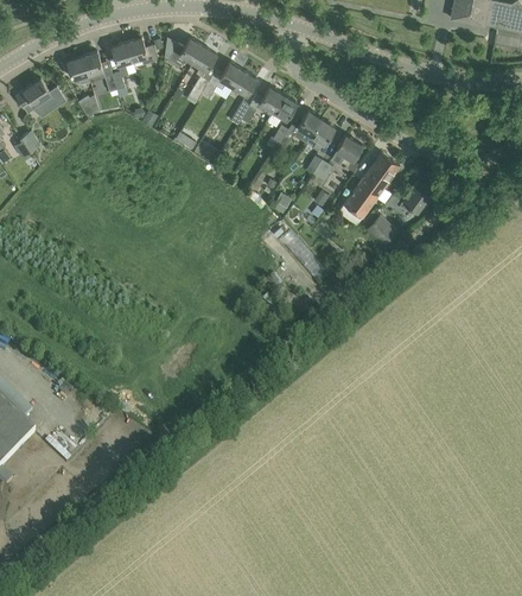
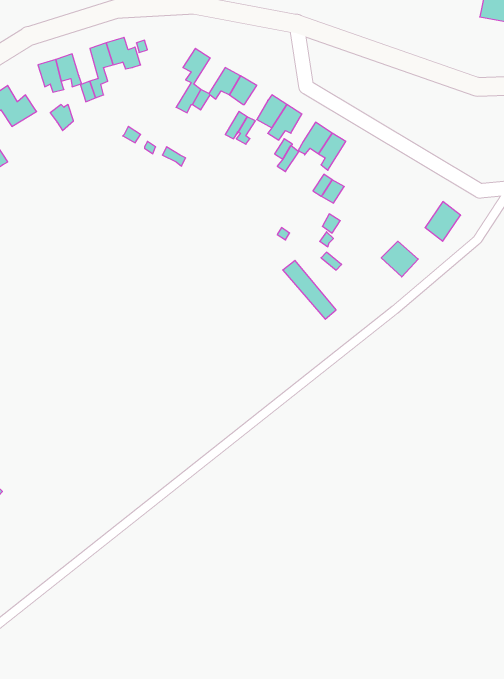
building: [167,37,203,65] -> none
building: [330,134,361,167] -> none
building: [344,151,399,215] -> none

